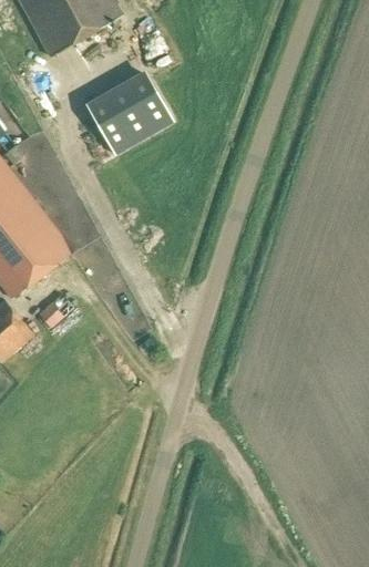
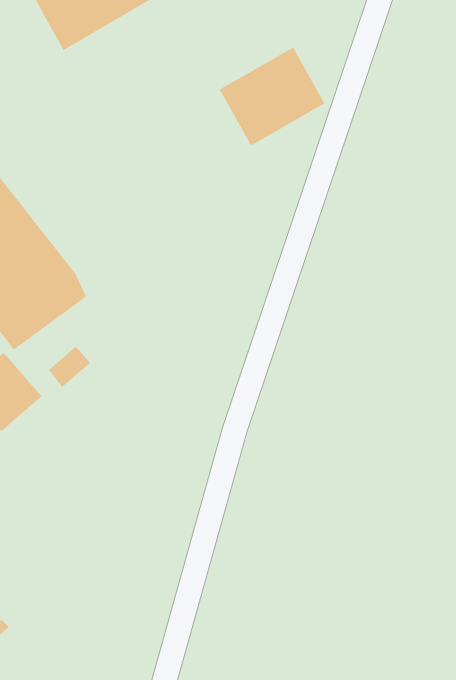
building: [89,74,174,154] -> [219,47,325,146]

